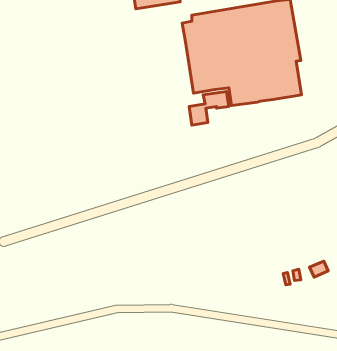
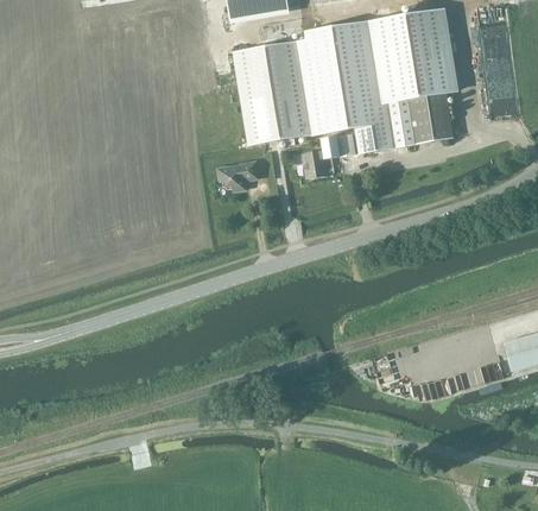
building: none -> [236,40,309,144]
building: none -> [219,160,259,189]

